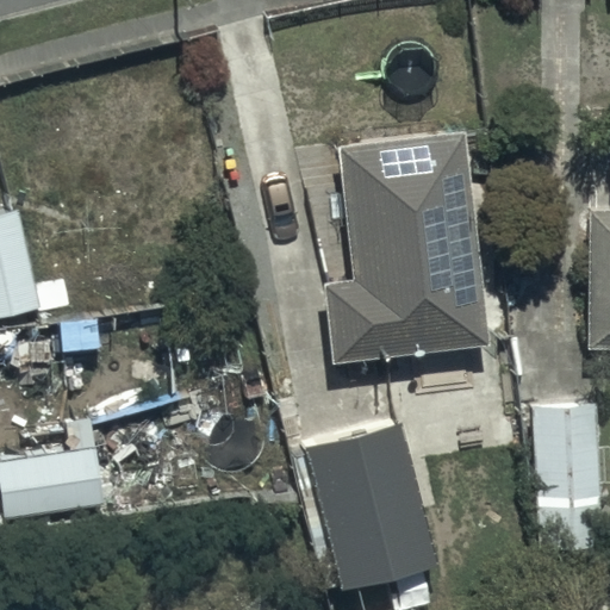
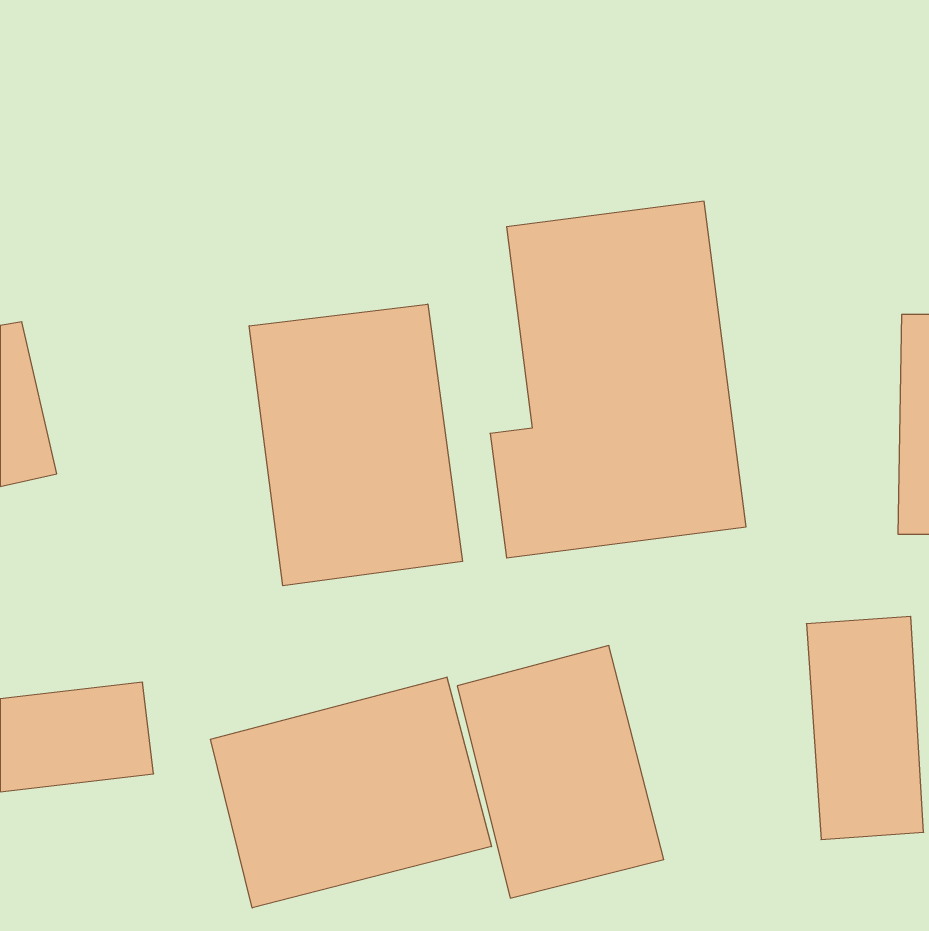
building: none -> [249,304,462,586]
building: none -> [210,677,491,908]

